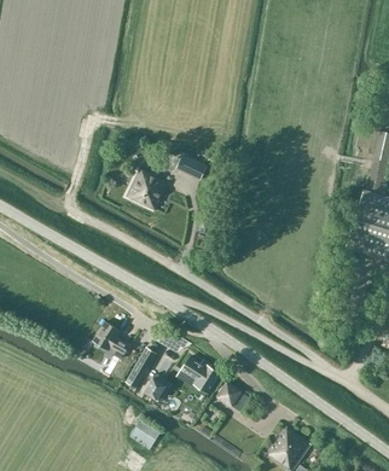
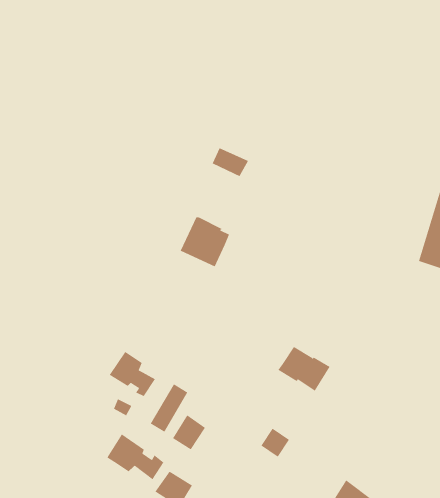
building: [126,169,167,210] -> [180,217,230,267]
building: [178,355,221,392] -> [277,346,330,392]
building: none -> [107,433,164,480]

